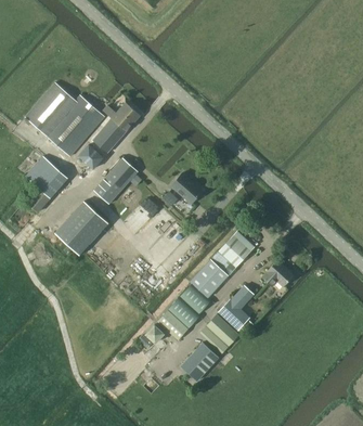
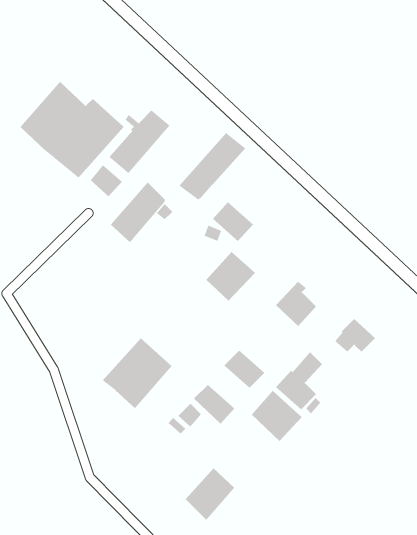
building: none -> [178,132,246,201]
building: [26,156,68,197] -> none
building: [55,201,108,255] -> [102,337,172,409]
building: [191,259,229,297] -> [206,251,256,301]
building: [168,297,200,328] -> none
building: [181,341,219,382] -> [185,468,235,521]

